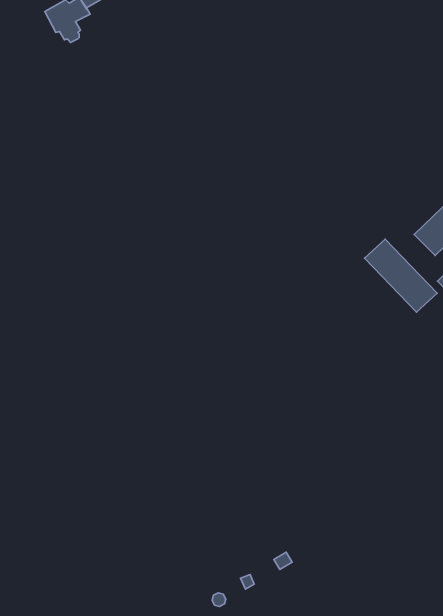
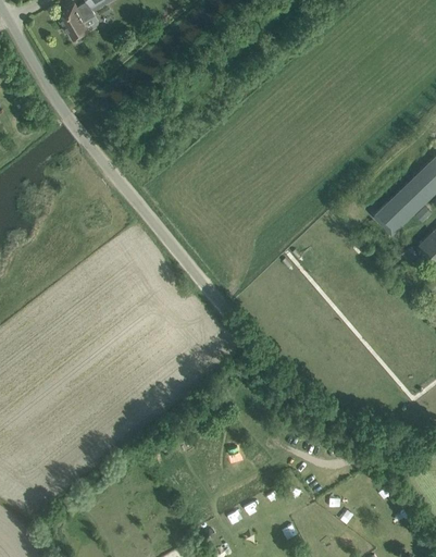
building: [365,239,437,312] -> none

